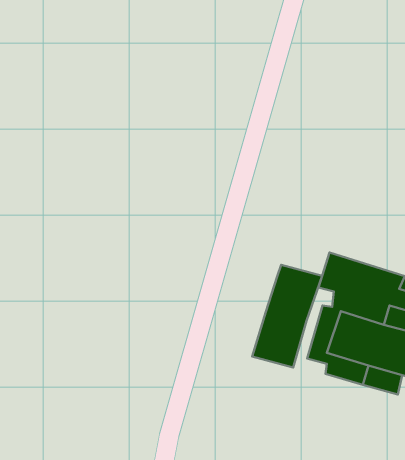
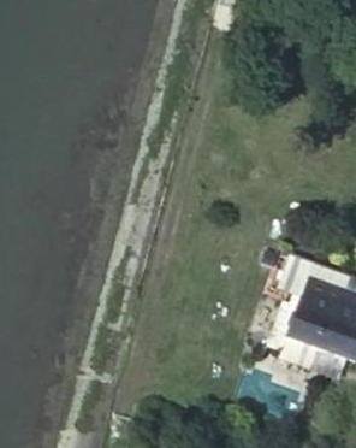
building: [252,265,322,367] -> none

